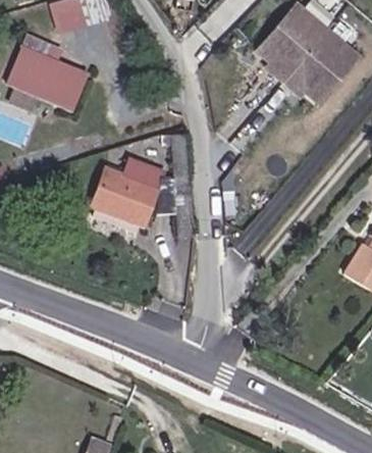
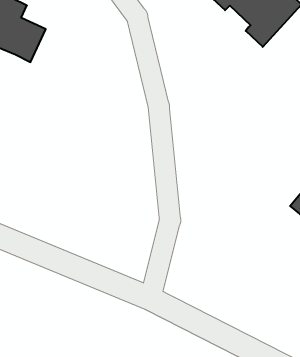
building: [95,166,160,229] -> none

